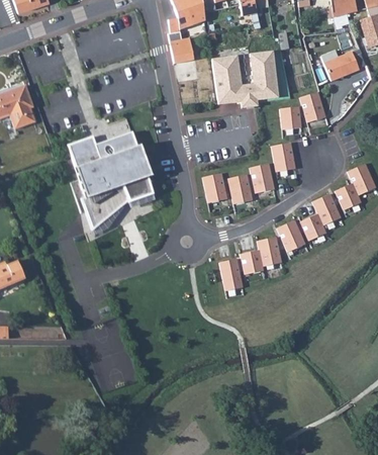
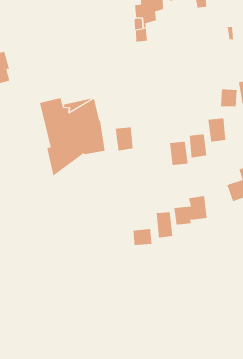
building: [213,51,280,108] -> none
building: [201,173,225,203] -> [115,127,134,151]
building: [276,219,304,252] -> none
building: none -> [133,228,152,246]

